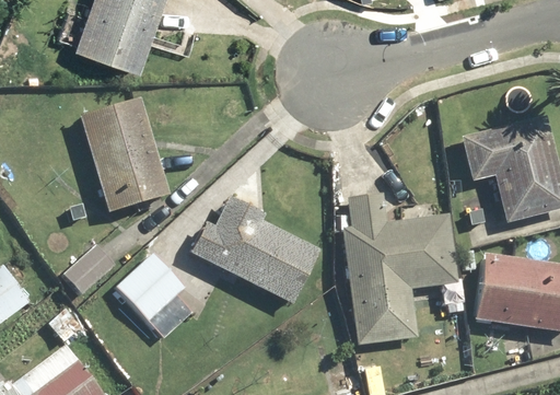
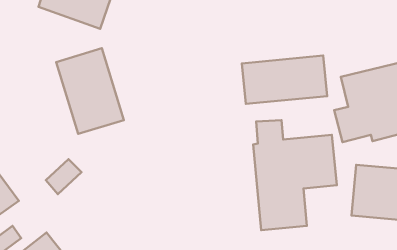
building: none -> [242,56,327,104]
building: [194,200,320,303] -> none
building: [118,255,192,339] -> none

